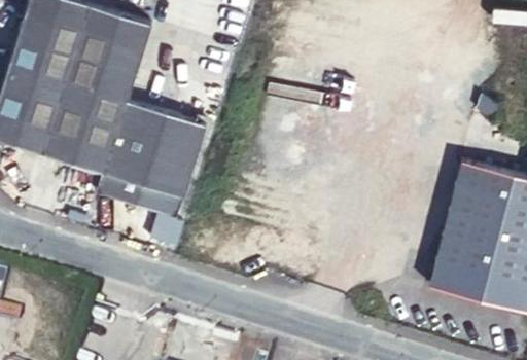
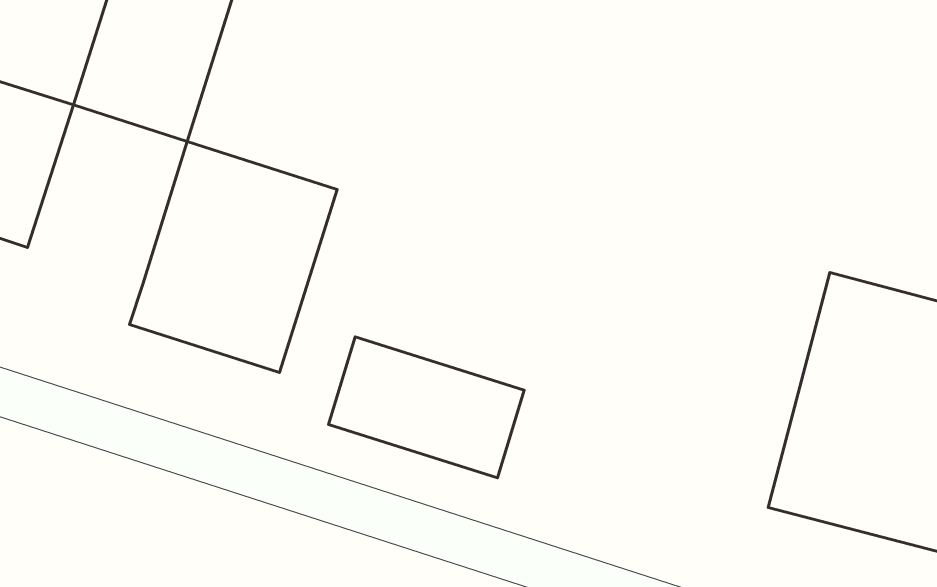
building: [38,76,124,172] -> none
building: none -> [328,337,524,478]

